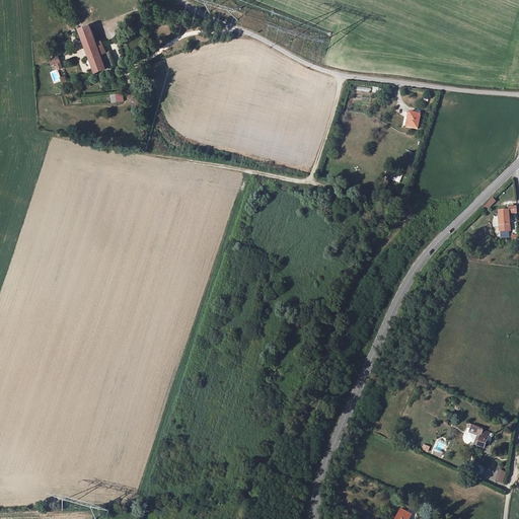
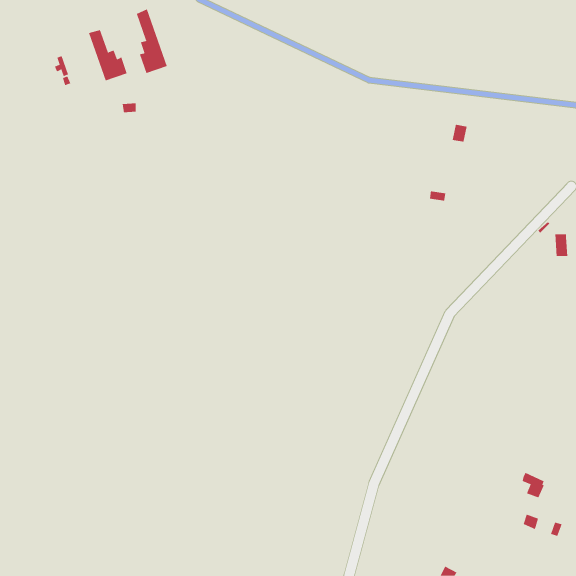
building: none -> [136,8,168,74]

